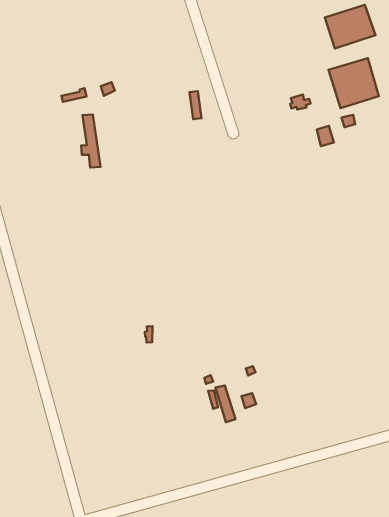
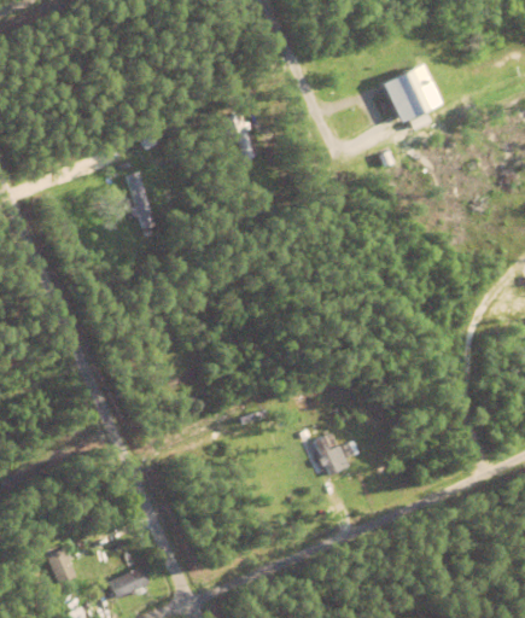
building: [325,5,376,49] -> none
building: none -> [109,564,151,599]

